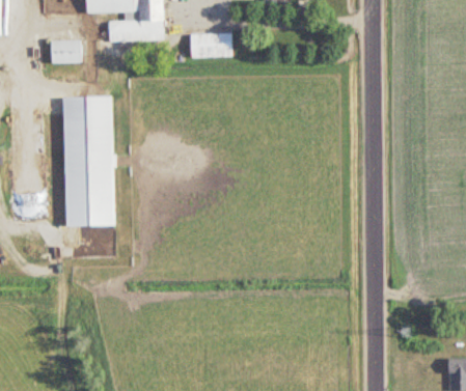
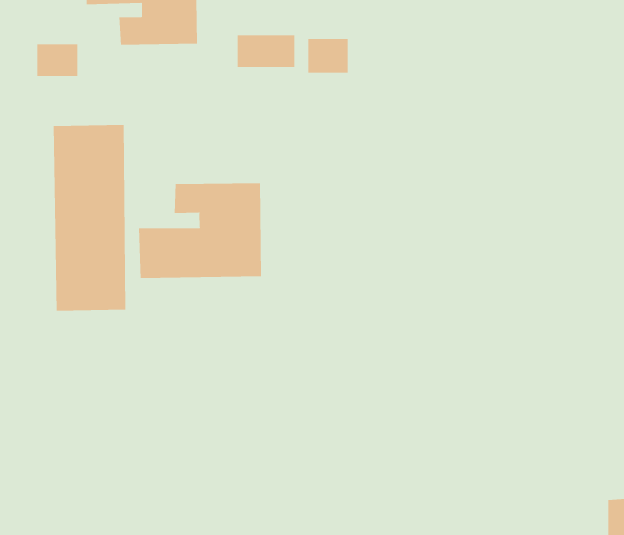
building: none -> [308,38,348,73]
building: none -> [139,183,262,279]

